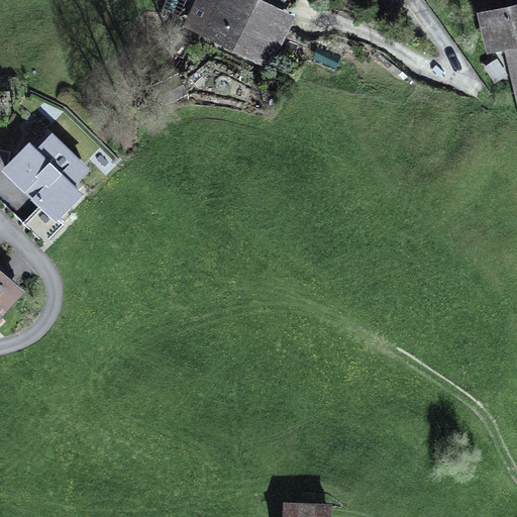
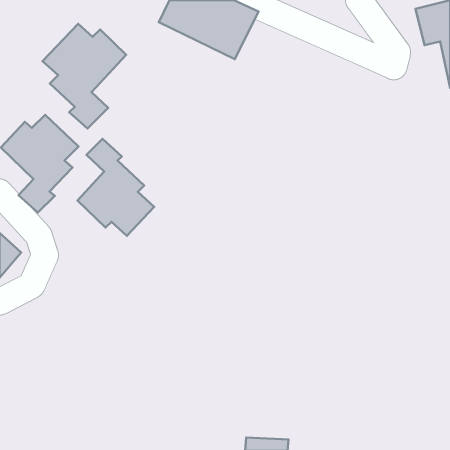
building: none -> [43,24,126,129]
building: none -> [78,139,154,236]

